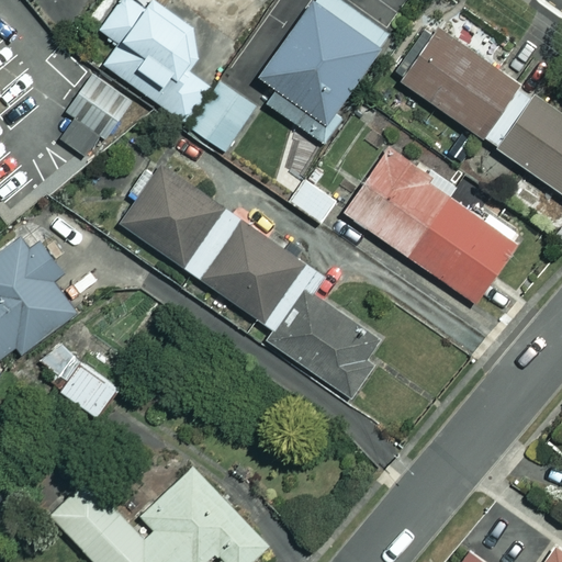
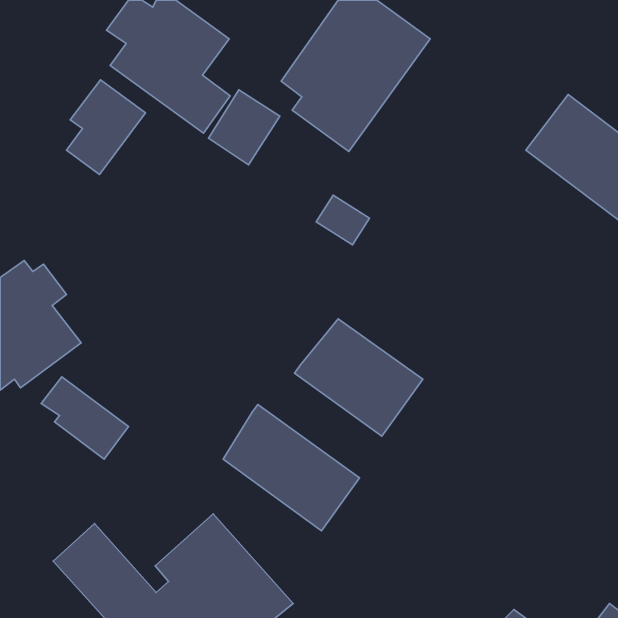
building: [397,26,516,137] -> none
building: [344,148,518,302] -> none
building: [120,165,318,331] -> none
building: none -> [223,405,360,531]

